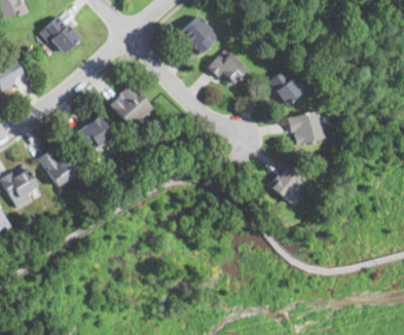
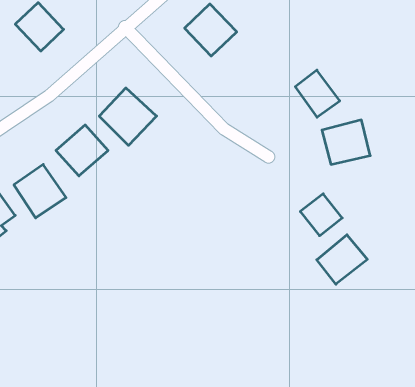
building: [211,49,250,88] -> none
building: none -> [317,235,367,284]

